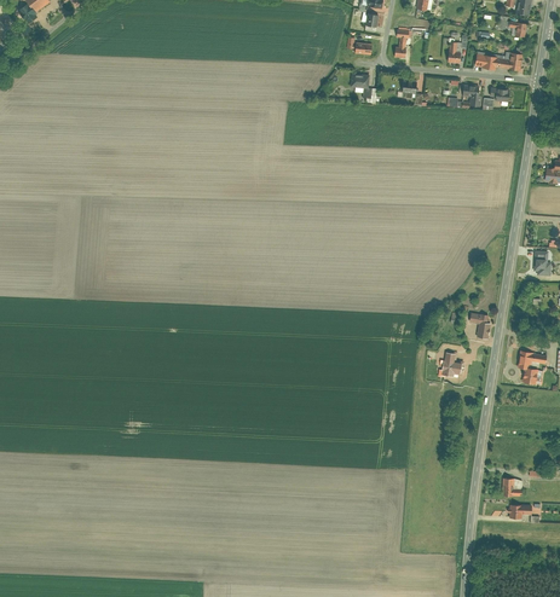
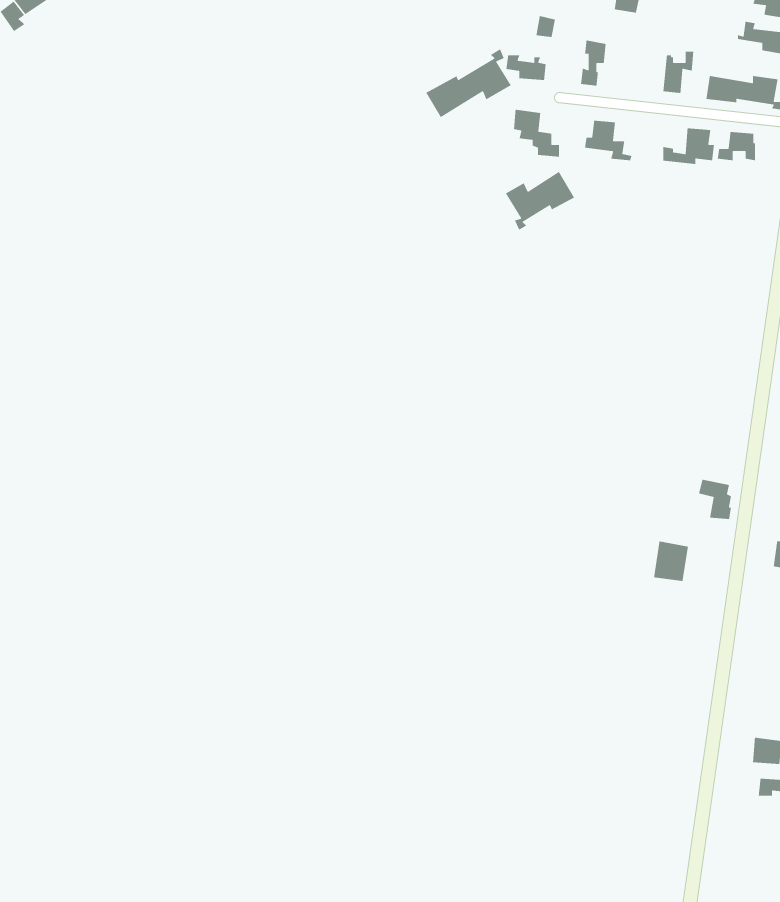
building: none -> [425,48,512,118]
building: none -> [505,171,575,231]

